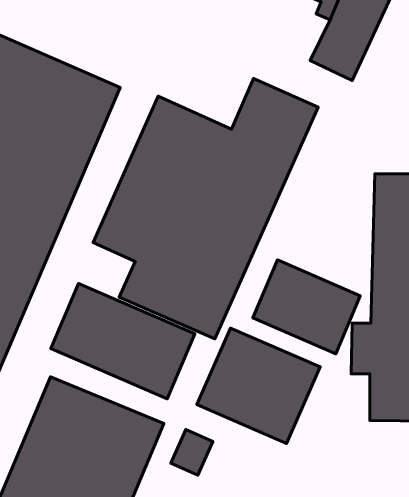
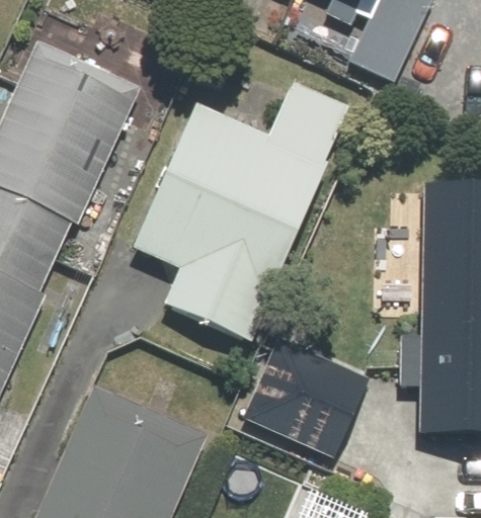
building: [253,260,360,354] -> none
building: [51,283,195,399] -> none

